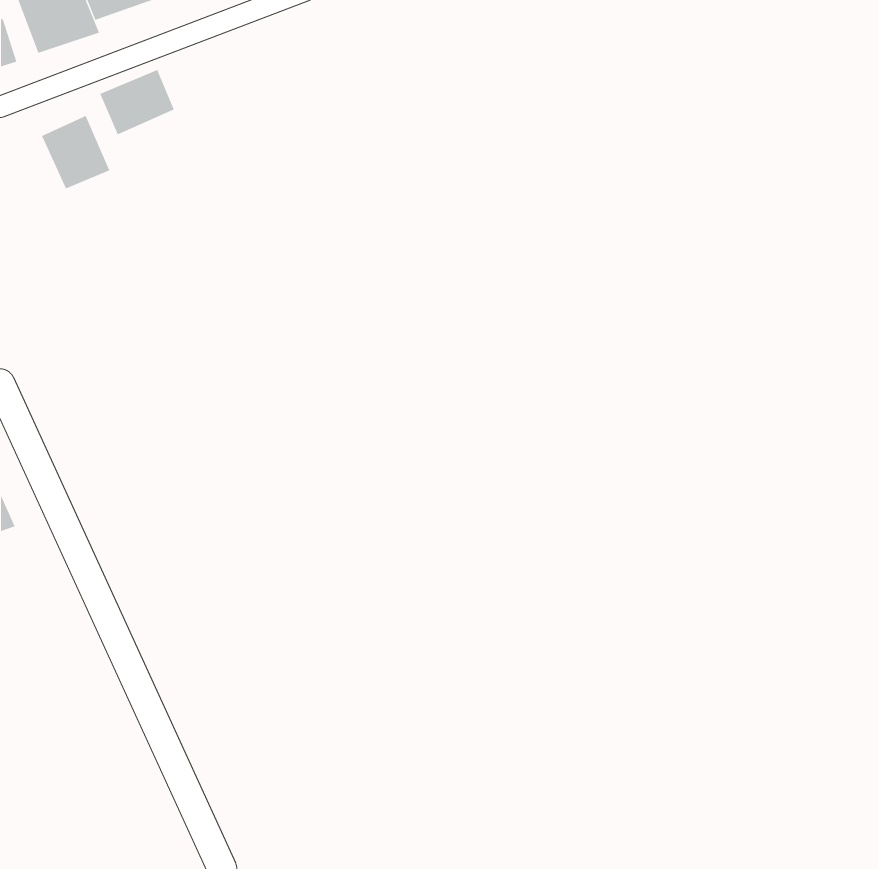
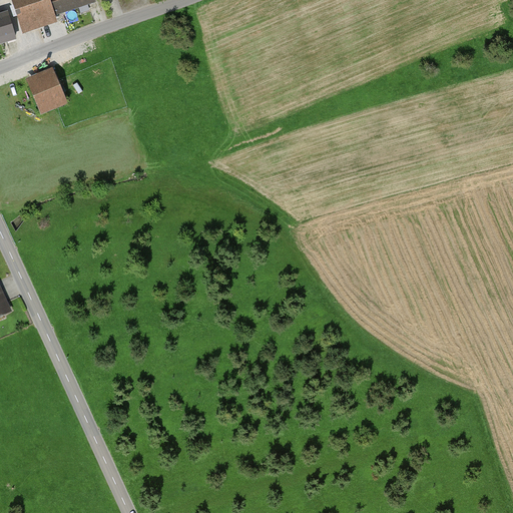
building: [99,69,175,135] -> none

